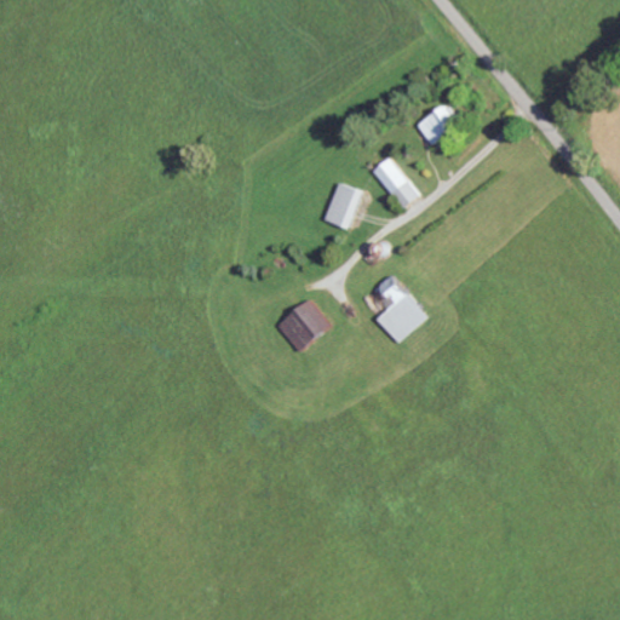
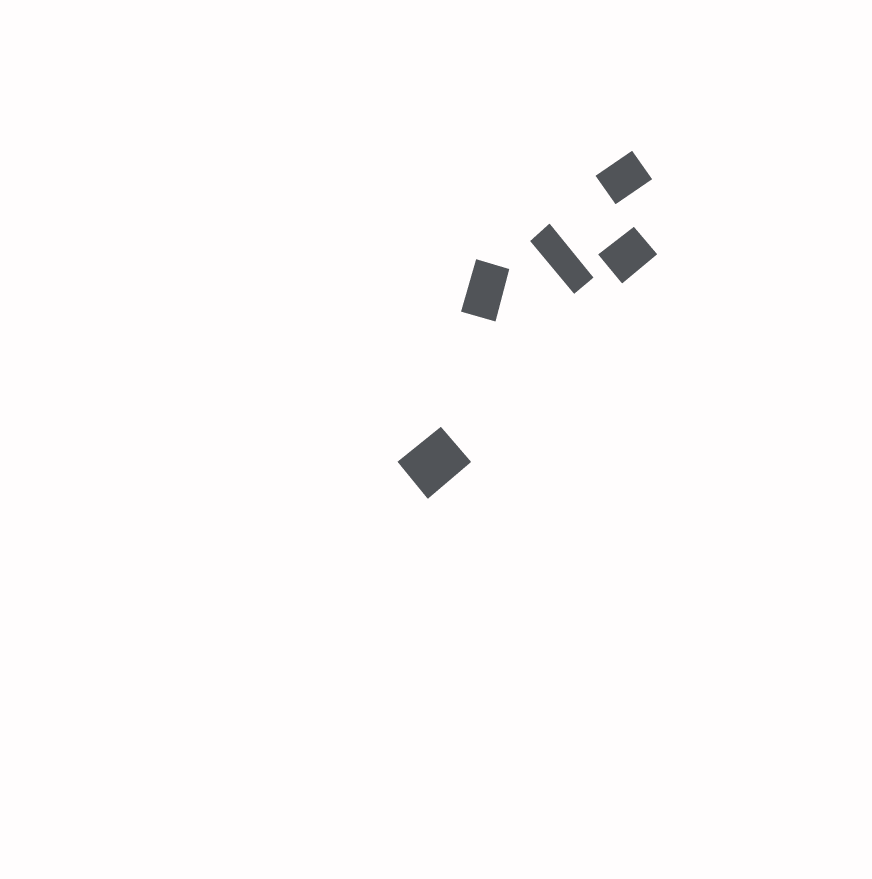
building: none -> [597,226,658,285]
building: [379,272,429,341] -> none

